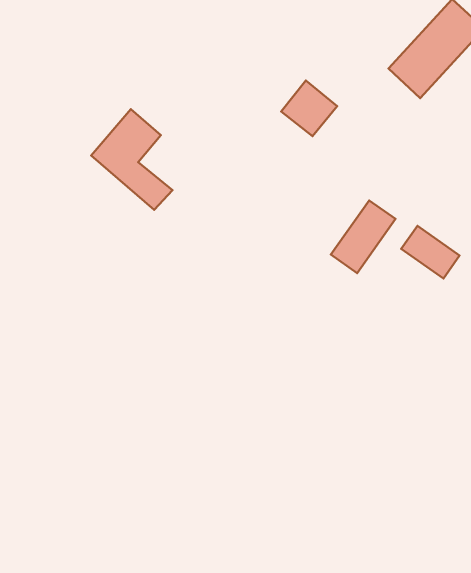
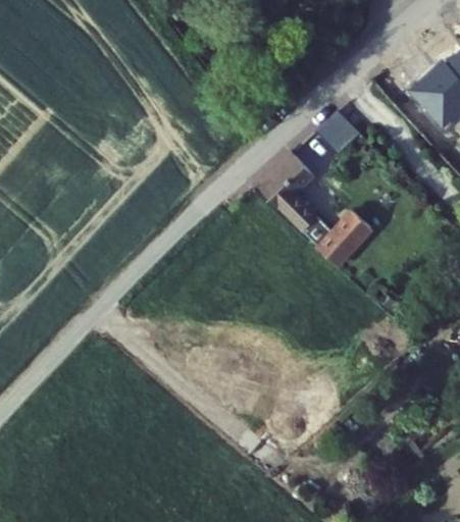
building: [91,109,173,210] -> [263,152,322,232]
building: [401,226,460,278] -> none

